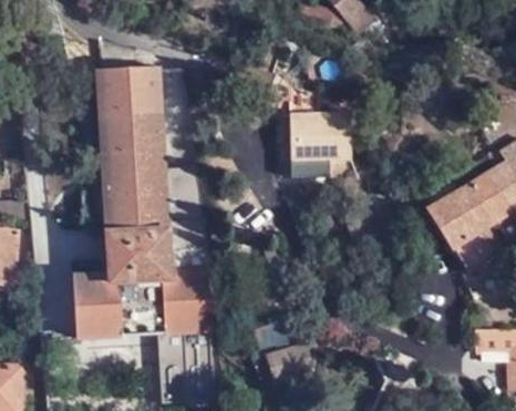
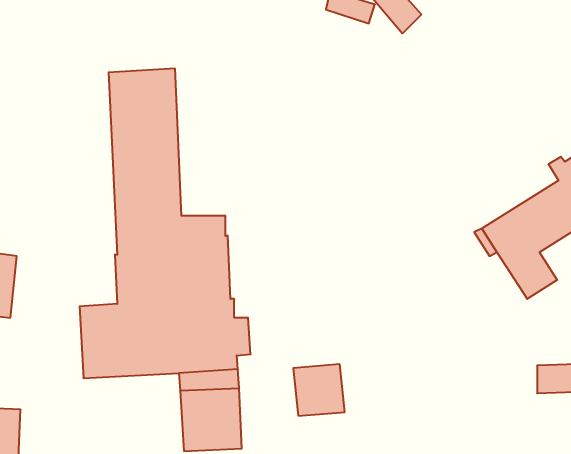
building: [289,111,349,172] -> none

